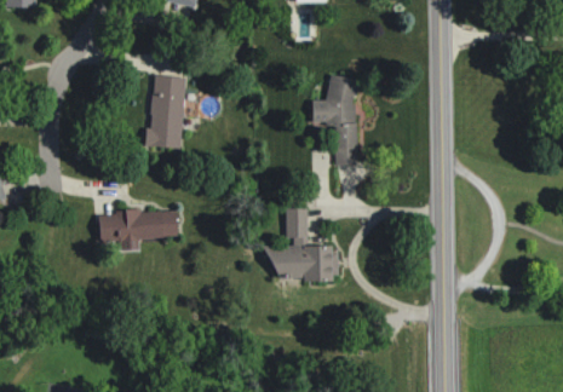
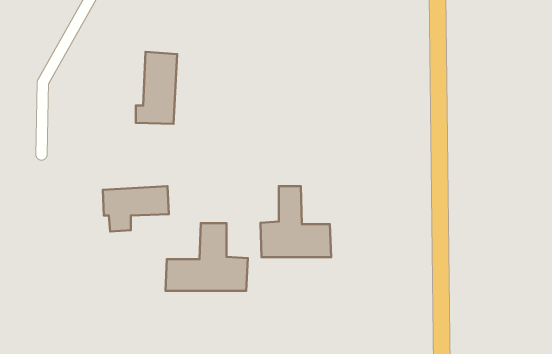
building: [312,79,356,165] -> none
building: none -> [165,223,248,291]

